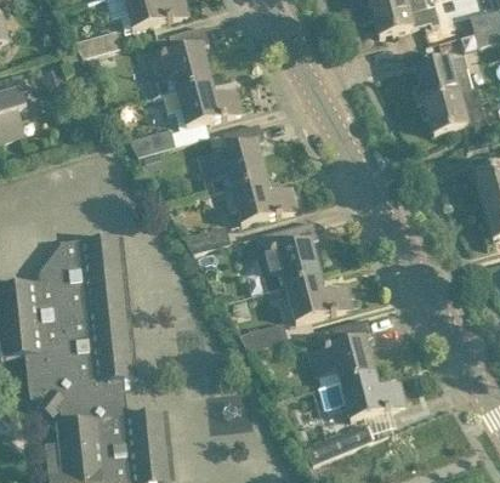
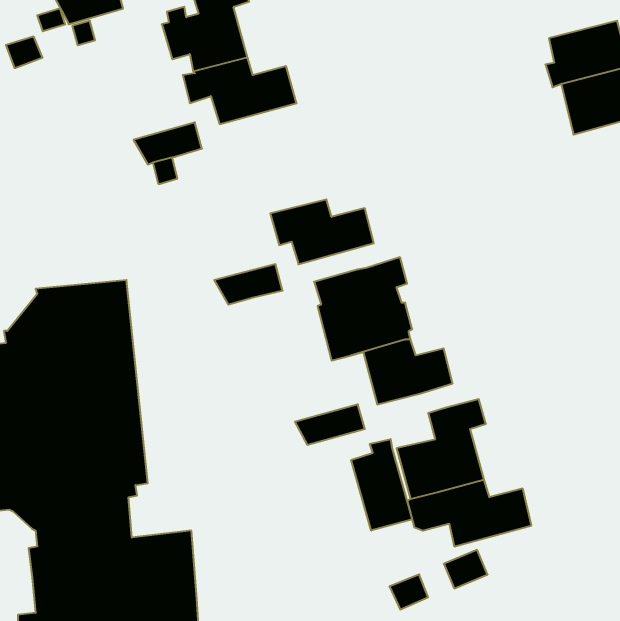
building: [203,123,262,189] -> none
building: none -> [351,439,412,531]

